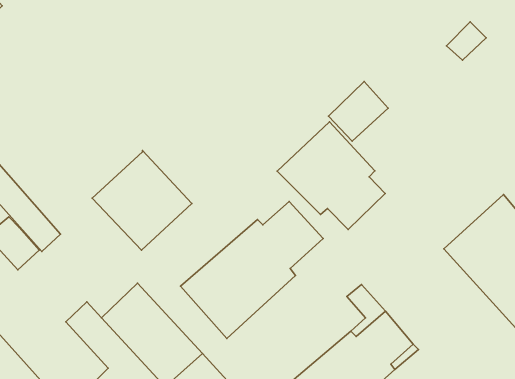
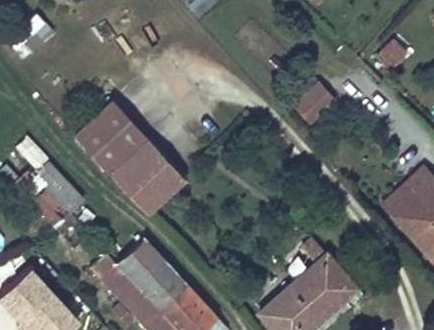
building: none -> [75,100,148,174]
building: [277,122,385,230] -> none
building: [181,202,323,338] -> none

